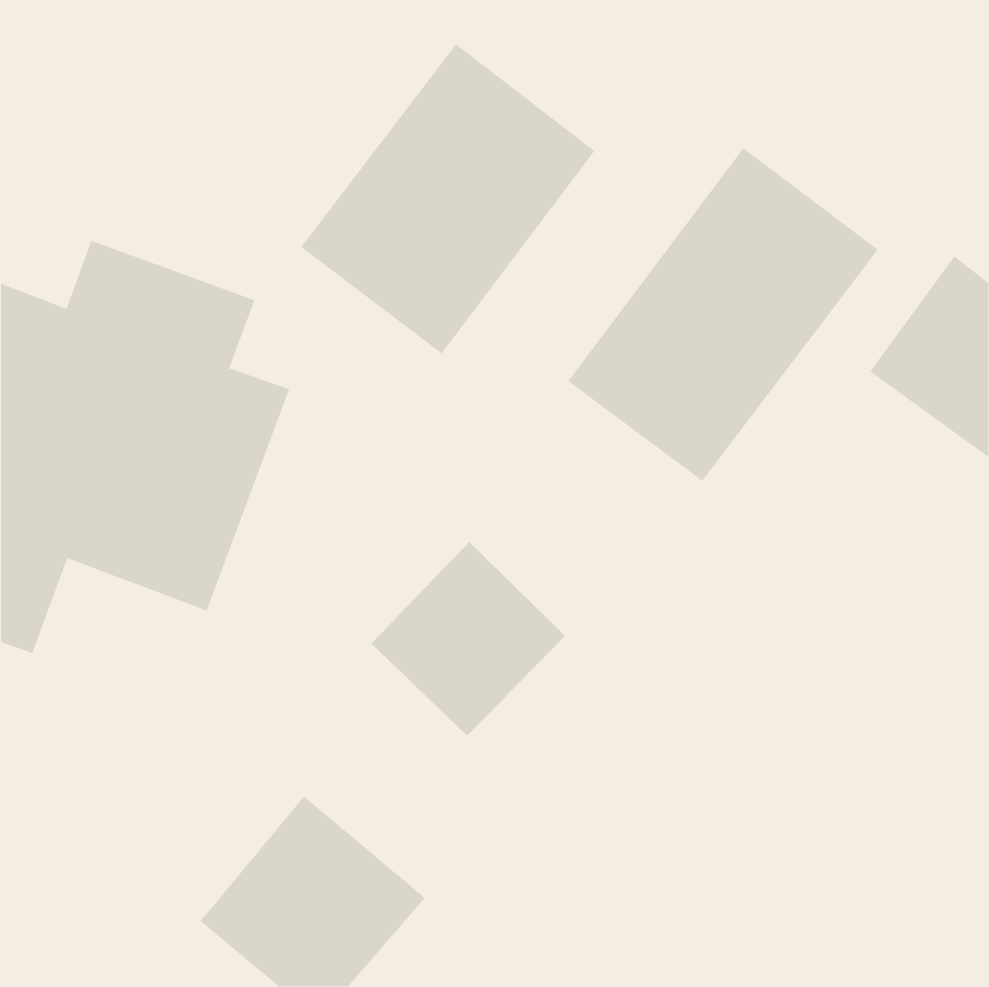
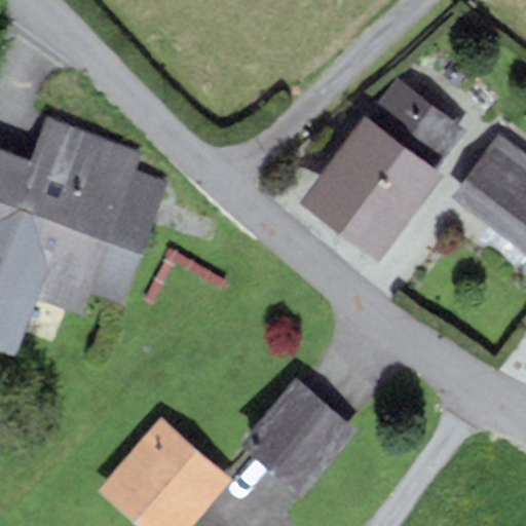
building: [300,43,596,354] -> none
building: [370,541,566,737] -> [246,379,349,483]

